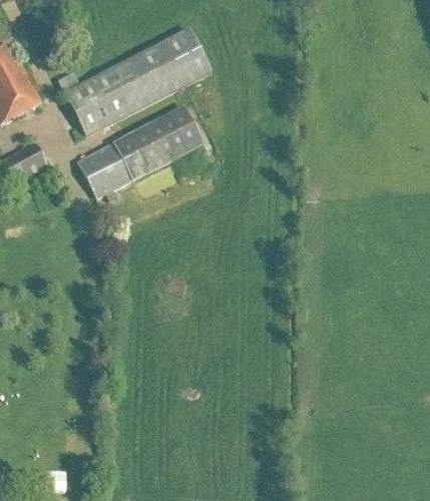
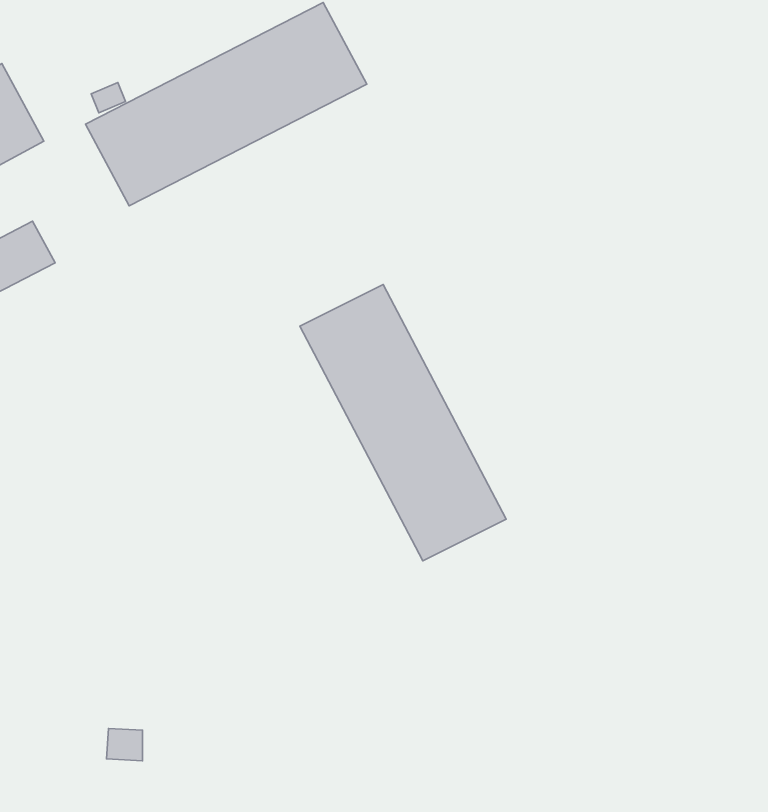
building: [76,106,202,197] -> none
building: none -> [300,284,506,561]

